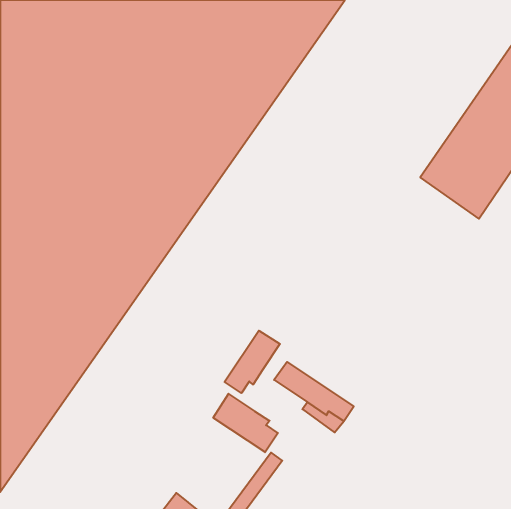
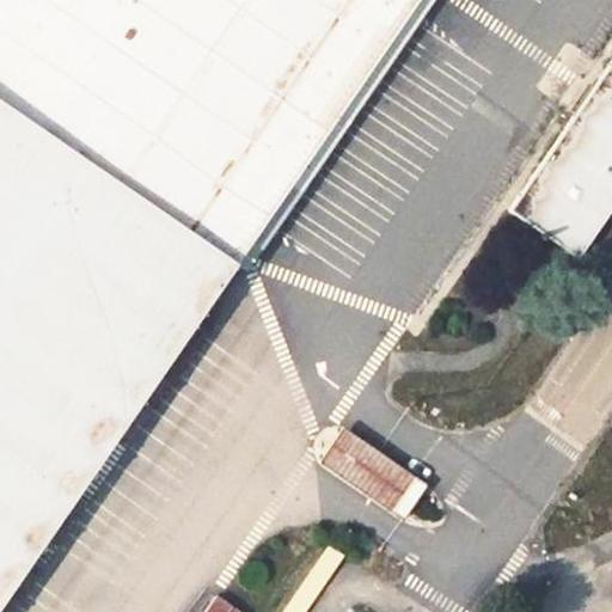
building: [225,331,280,393] -> none
building: [213,394,278,452] -> none

